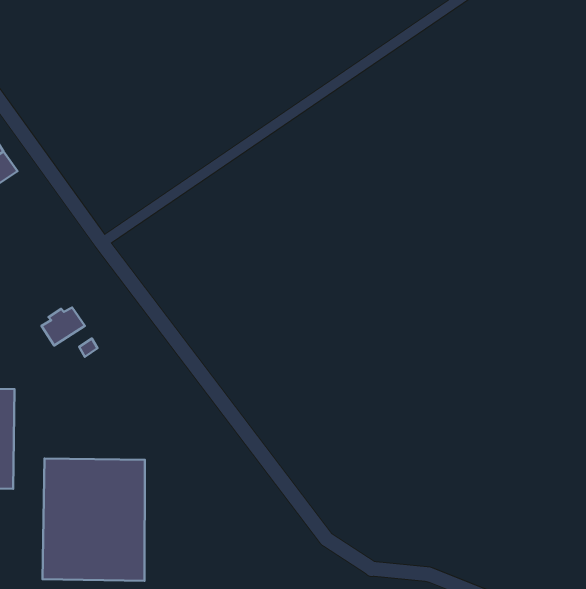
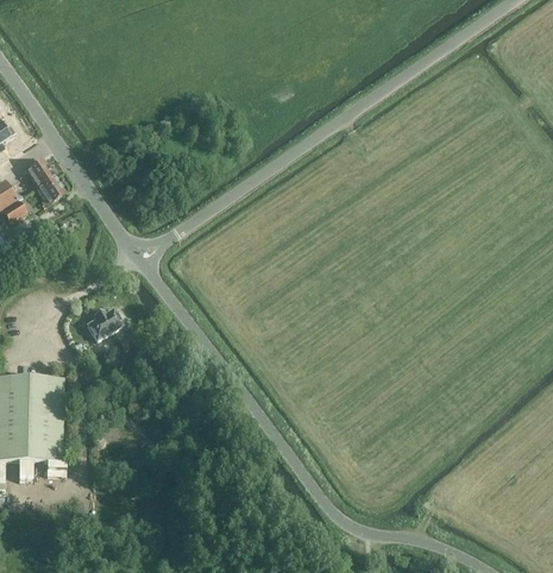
building: [42,458,145,581] -> none

